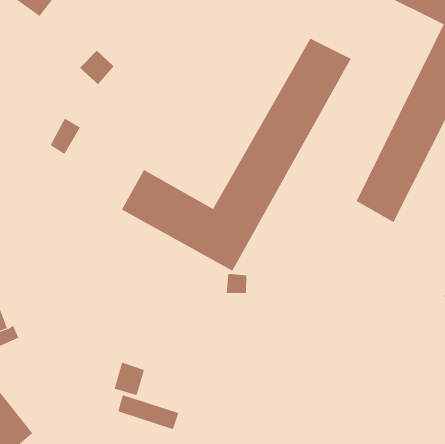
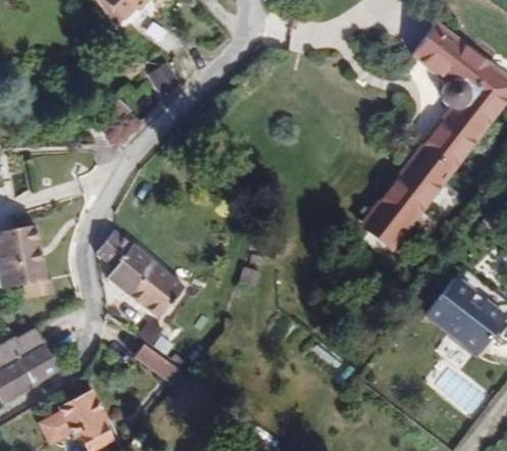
building: [121,38,352,271] -> none
building: none -> [103,232,189,319]

